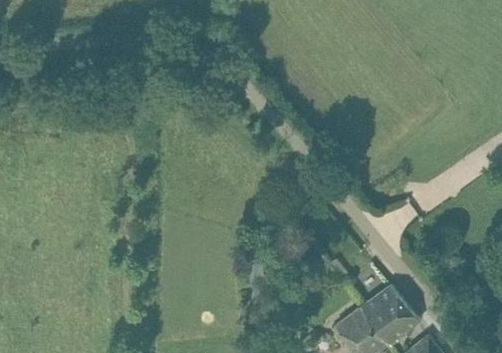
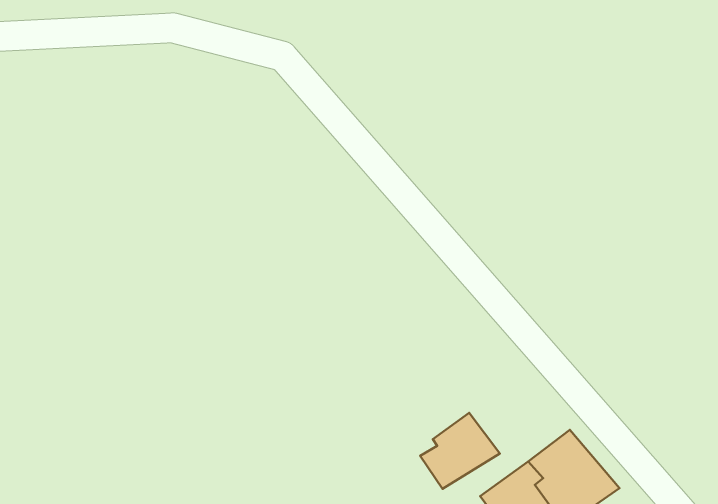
building: none -> [420,413,500,489]

